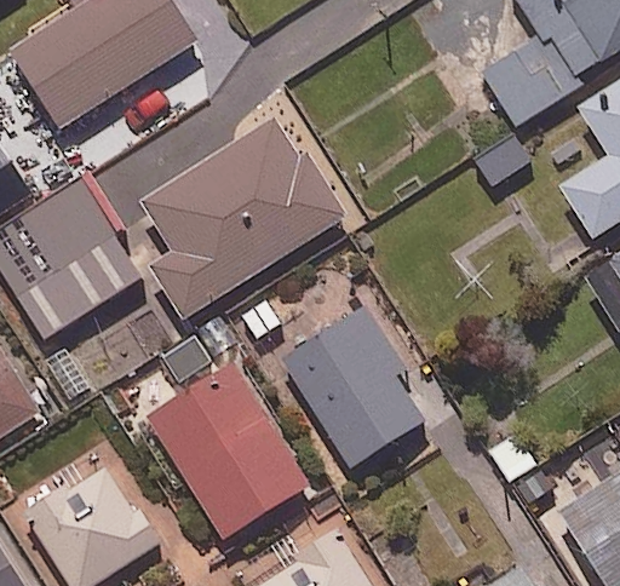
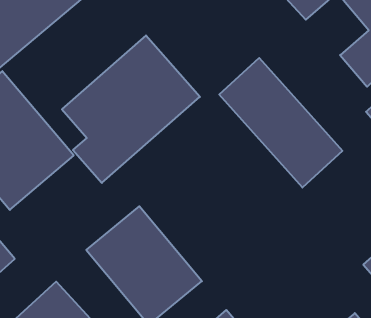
building: none -> [219,58,342,188]
building: [279,306,424,470] -> none

